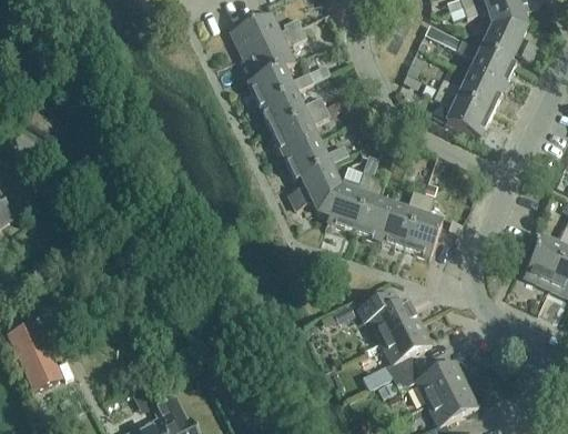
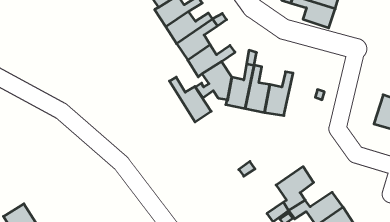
building: none -> [169,77,211,122]
building: [403,192,442,256] -> none
building: [357,296,419,340] -> none

